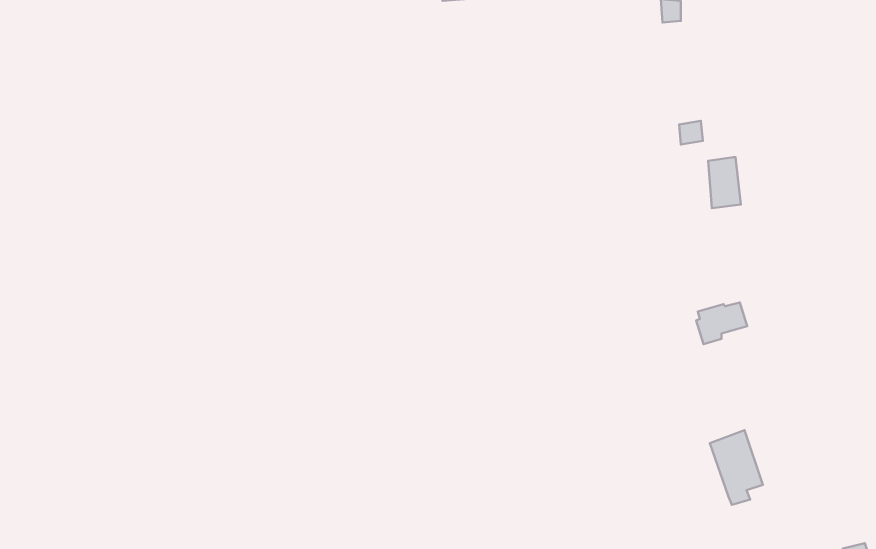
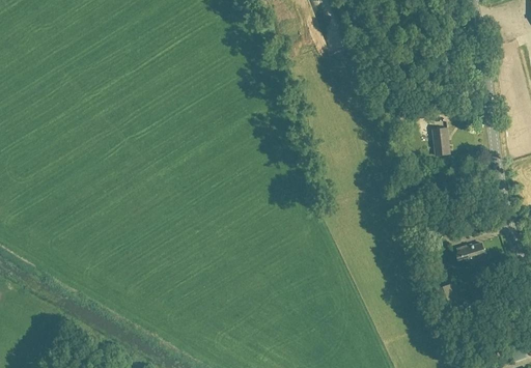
building: [696,302,747,344] -> [456,243,485,266]

